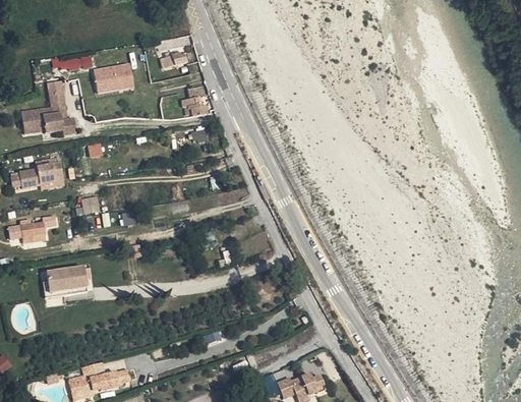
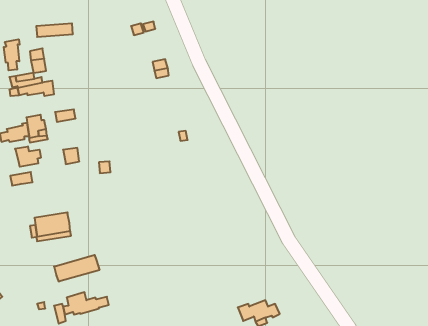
building: [93,62,135,94] -> none
building: none -> [4,39,20,70]
building: none -> [15,146,41,167]
building: none -> [54,255,99,282]

